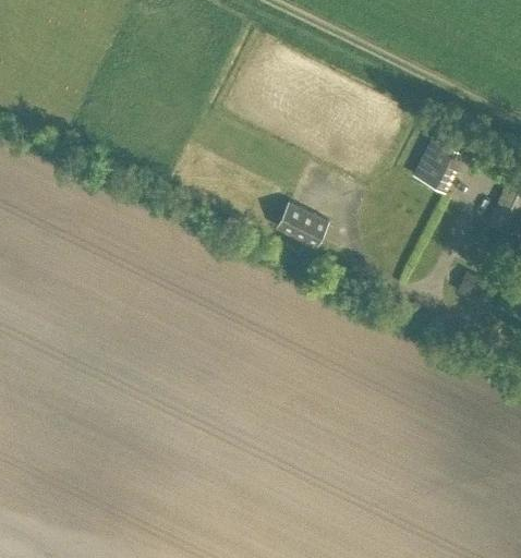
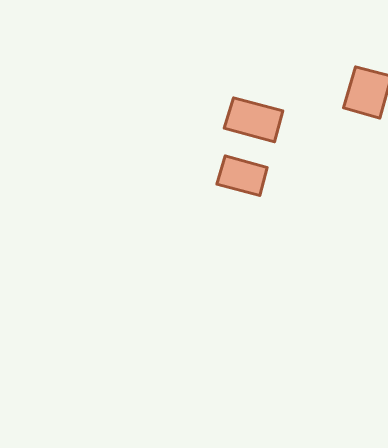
building: none -> [224,98,283,142]

